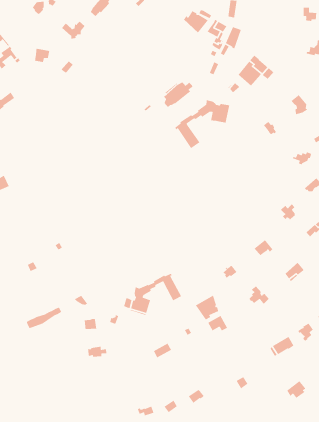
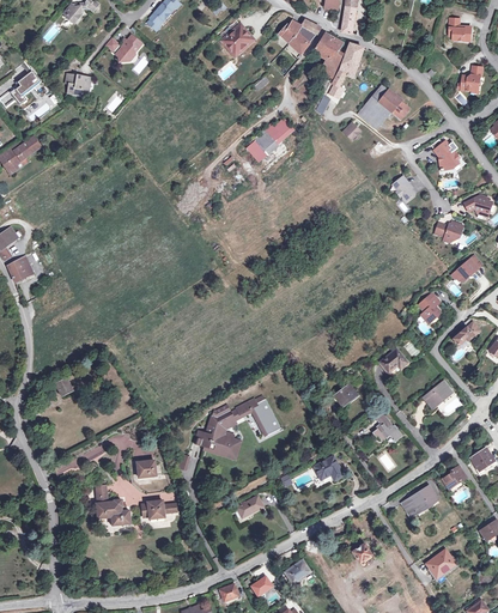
building: none -> [221,19,253,55]
building: [174,99,230,149] -> none
building: [195,294,219,321] -> none
building: none -> [96,491,130,524]

